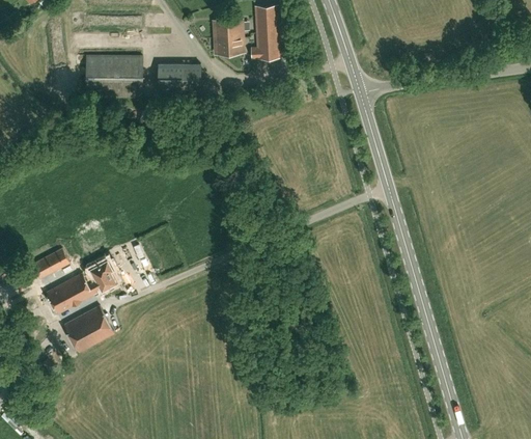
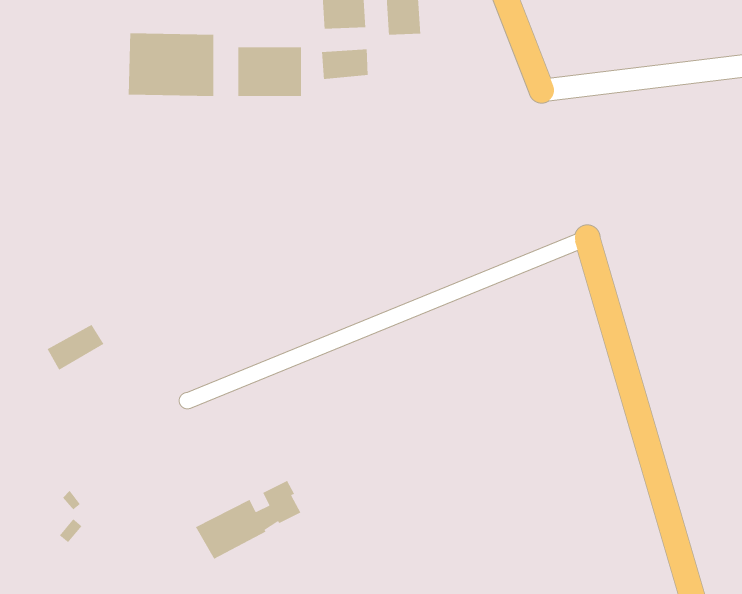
building: none -> [321,49,369,80]
building: [46,260,116,313] -> [195,480,301,560]
building: [63,305,114,352] -> none

